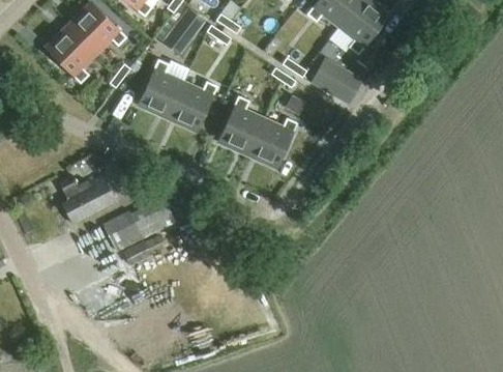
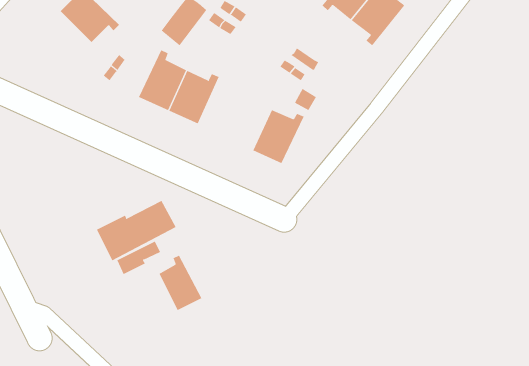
building: [49,23,98,78] -> none
building: [309,56,363,105] -> none
building: [218,94,263,150] -> none
building: [60,175,116,225] -> none
building: none -> [159,255,202,311]

